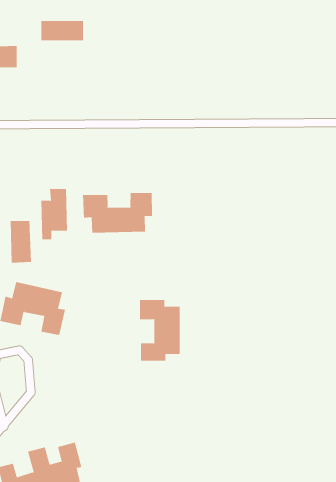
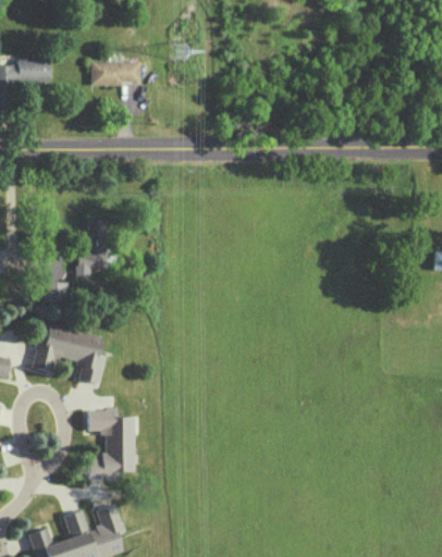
building: [40,20,84,41] -> [91,62,140,85]
building: [83,192,153,233] -> none
building: [139,299,181,361] -> [87,410,134,480]

